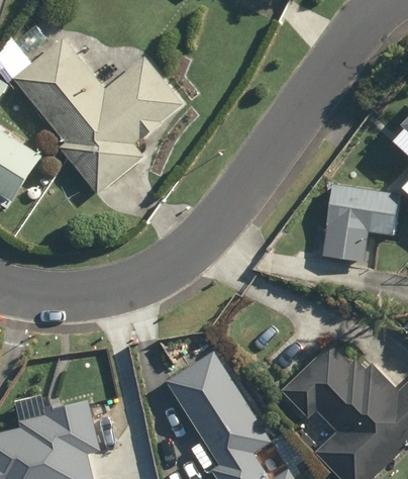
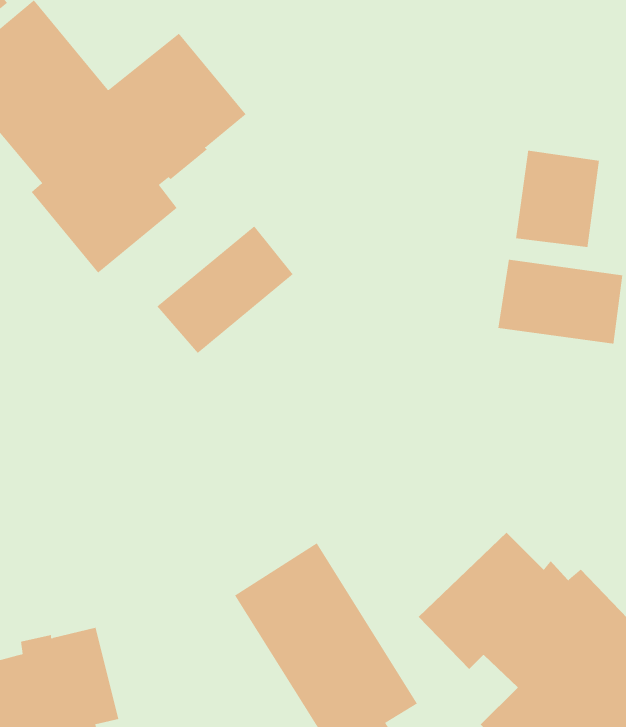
building: none -> [516,150,599,248]
building: none -> [157,226,294,354]

